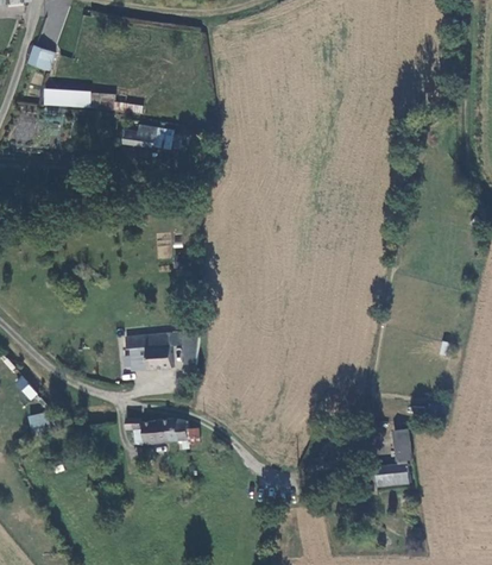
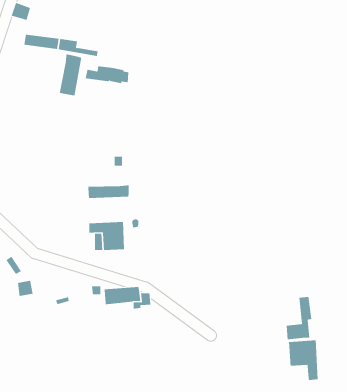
building: none -> [59,54,82,96]
building: none -> [88,184,129,199]
building: none -> [289,340,318,381]

